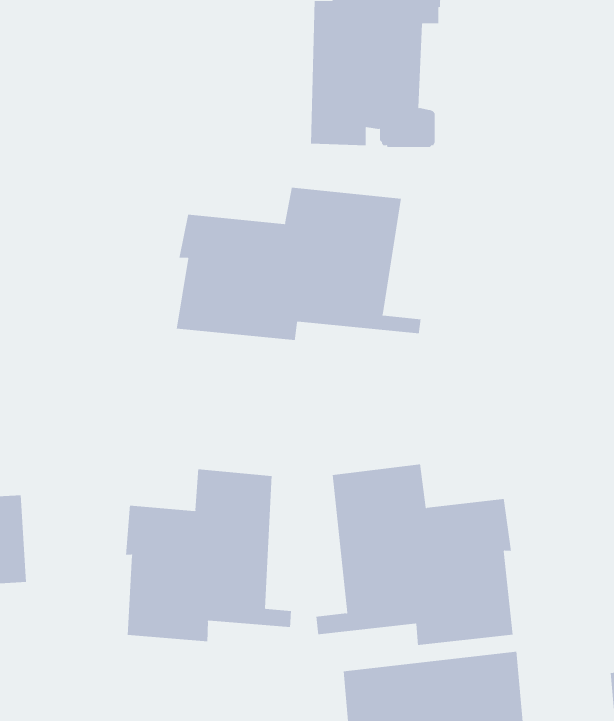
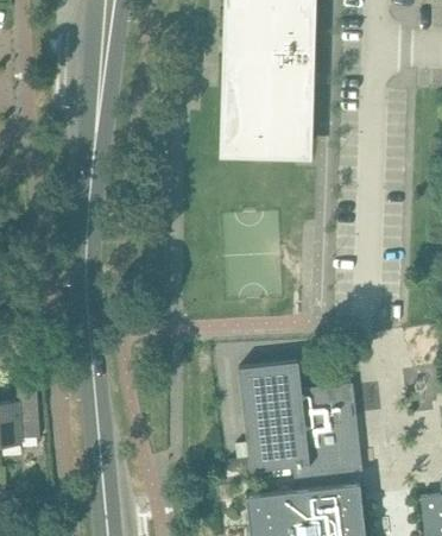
building: [176,187,421,341] -> none
building: [126,468,291,642] -> none

